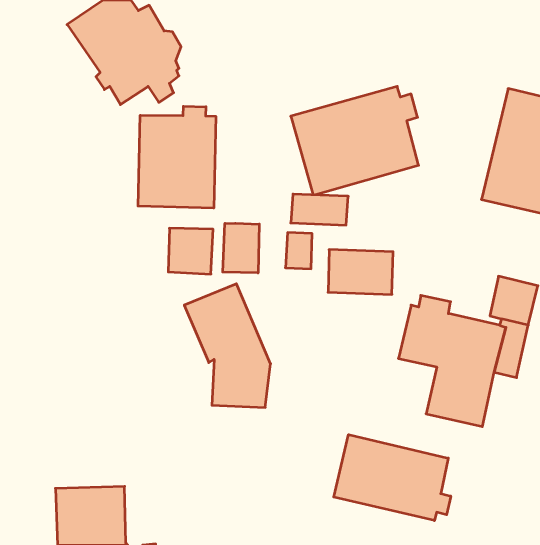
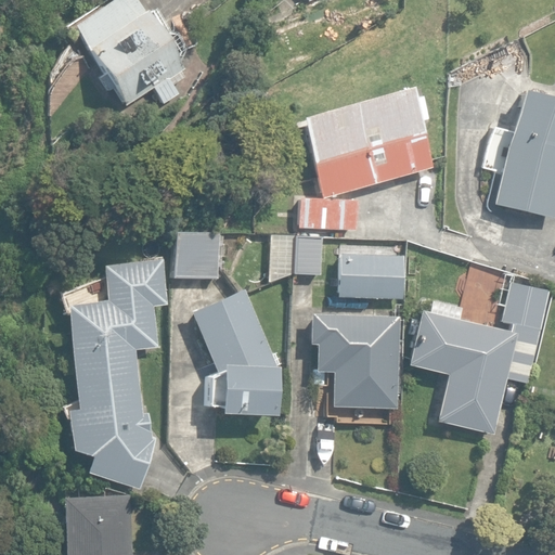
building: [138,106,216,208] -> none
building: [223,223,259,273] -> none
building: none -> [66,258,168,489]
building: none -> [311,313,400,408]
building: [334,435,451,521] -> none

